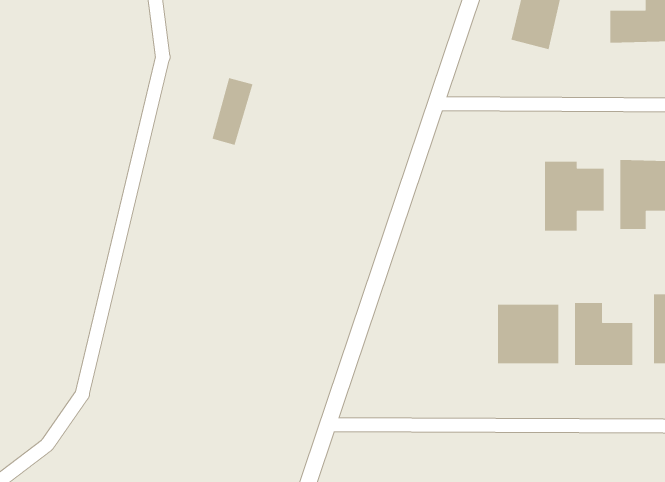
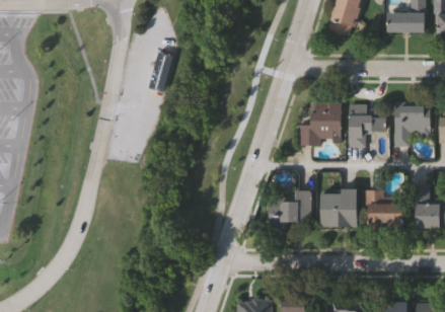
building: none -> [296,102,342,144]
building: none -> [271,191,310,222]

